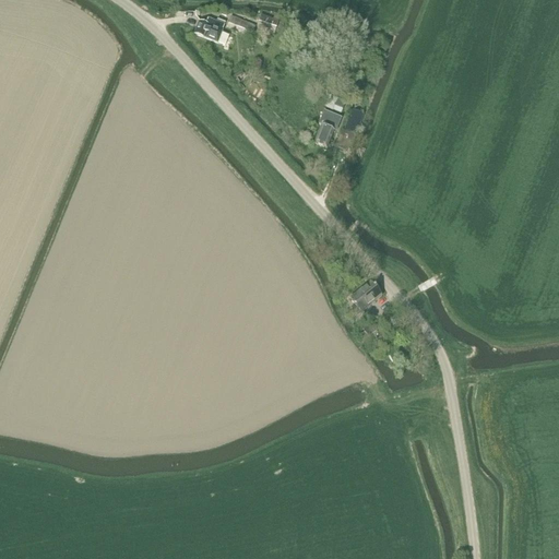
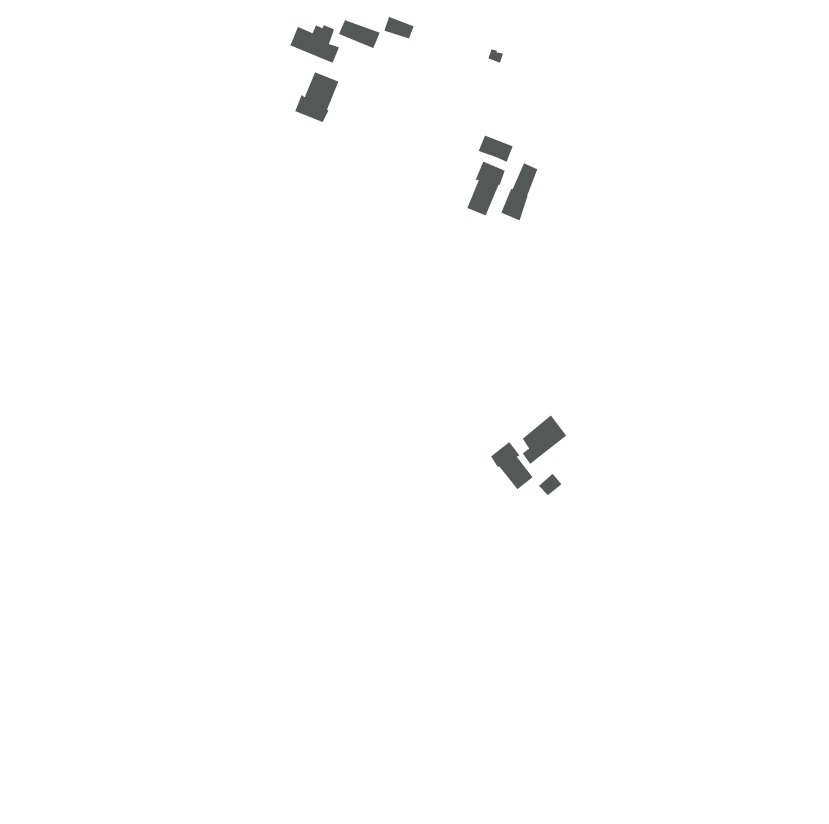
building: none -> [294,71,339,123]
building: none -> [490,441,534,490]

